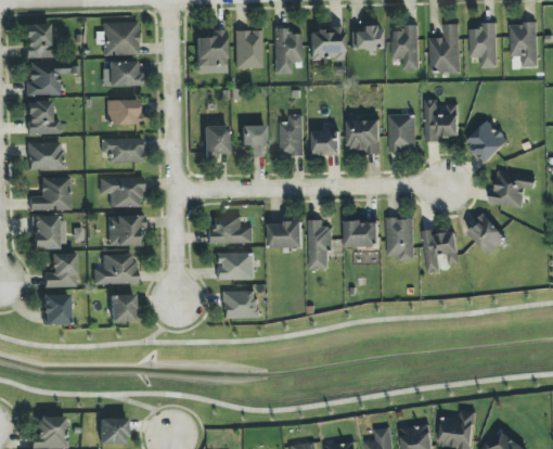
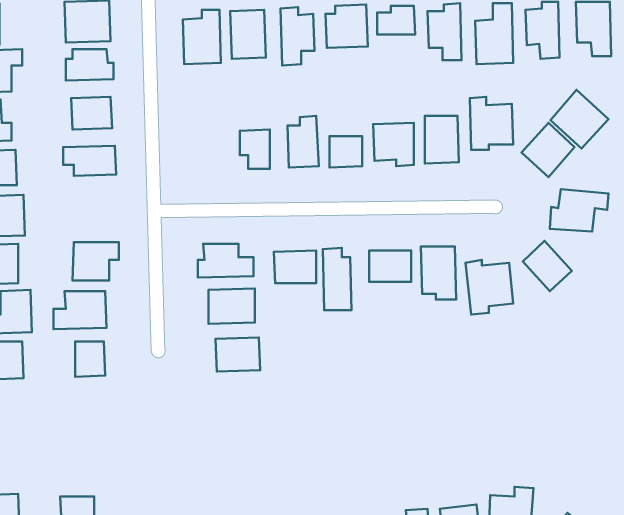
building: none -> [551,90,609,148]
building: [203,126,228,157] -> none
building: [100,177,142,207] -> none

